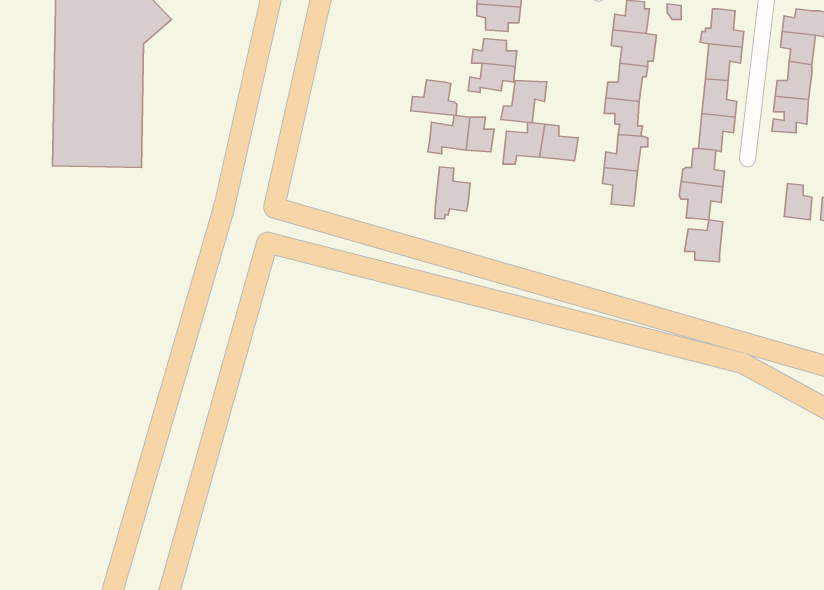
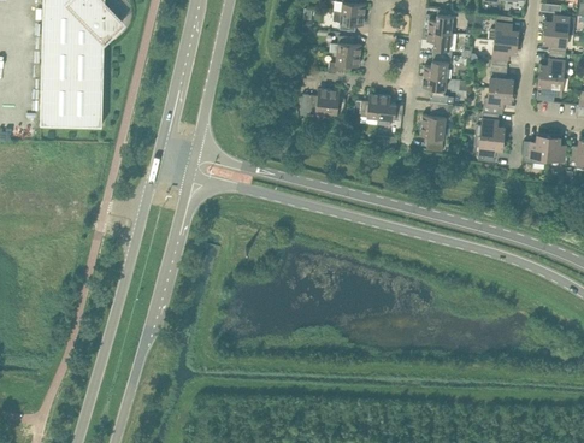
building: [411,80,457,116] -> none
building: [501,81,547,123] -> none
building: [435,167,470,219] -> none
building: [685,220,723,262] -> [521,135,548,164]

